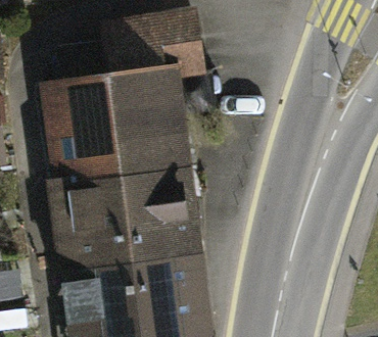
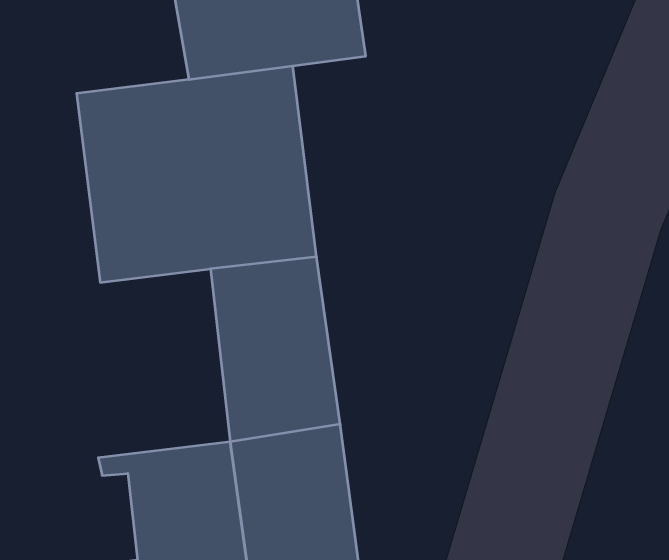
building: [54,173,135,271] -> none

